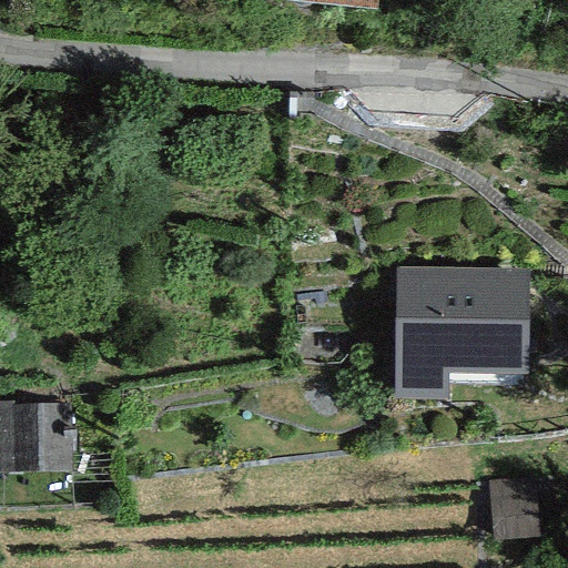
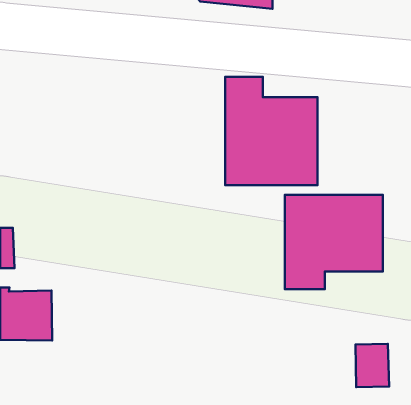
building: none -> [225,77,317,185]

